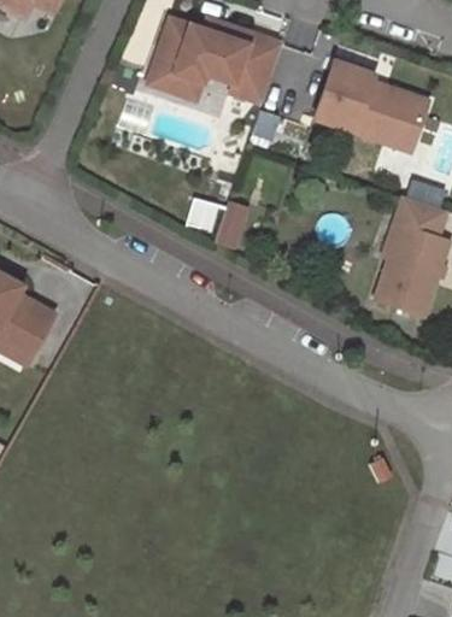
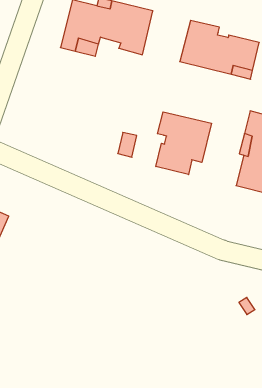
building: none -> [156,112,211,175]

